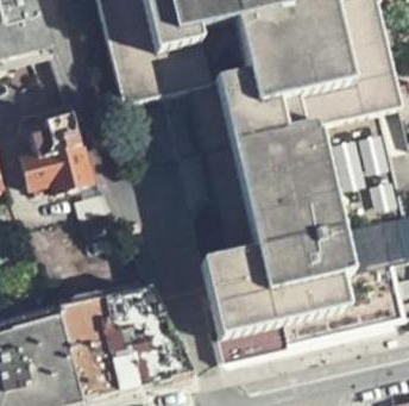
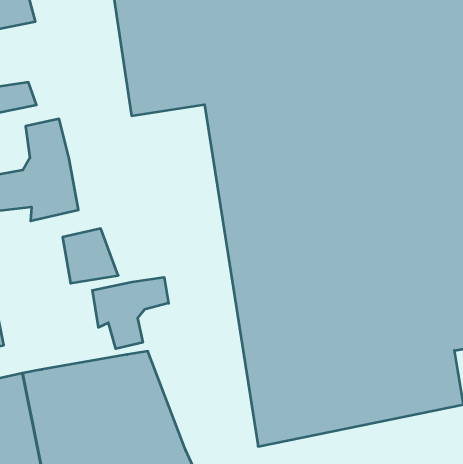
building: none -> [92,277,169,349]

